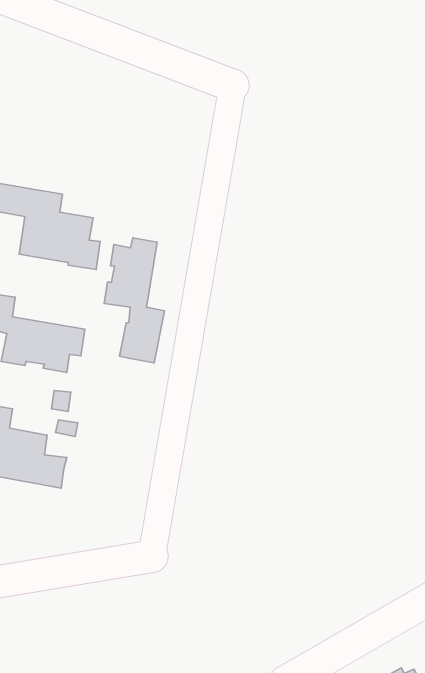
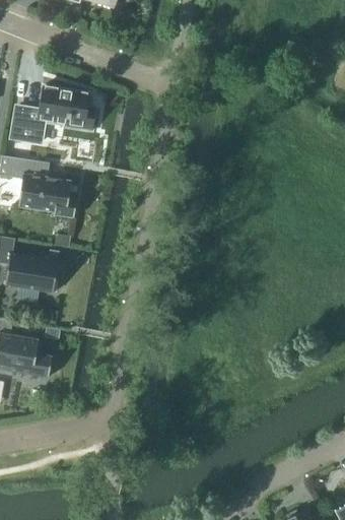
building: none -> [11,86,96,143]
building: [104,238,164,363] -> none

